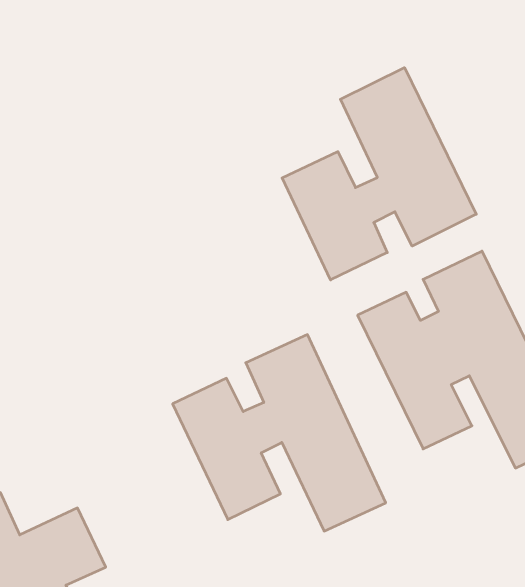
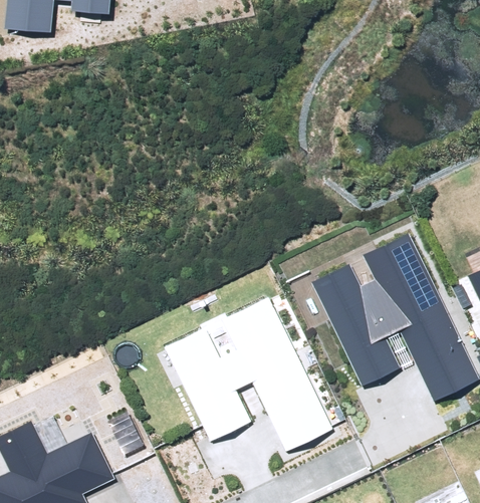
building: [282,68,476,280] -> none

